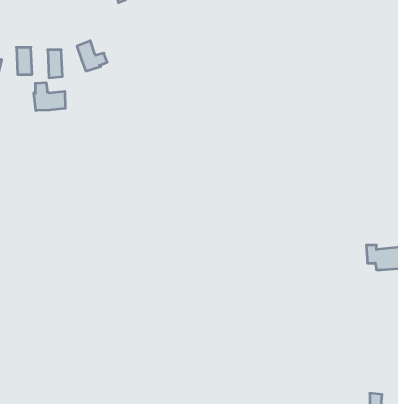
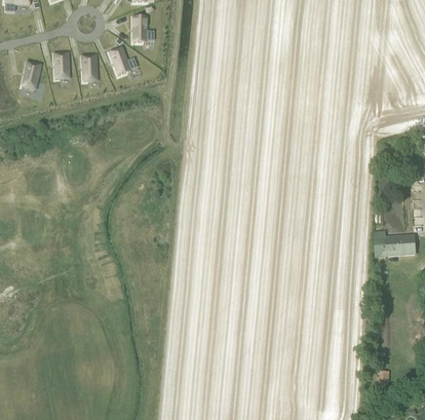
building: none -> [133,15,154,41]
building: [34,83,65,111] -> none

